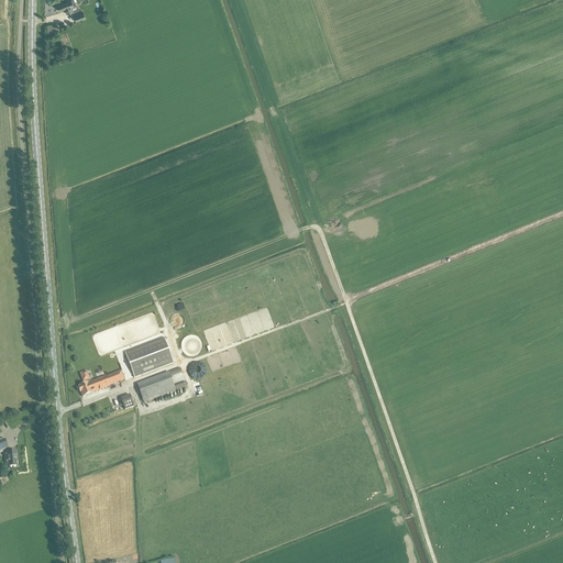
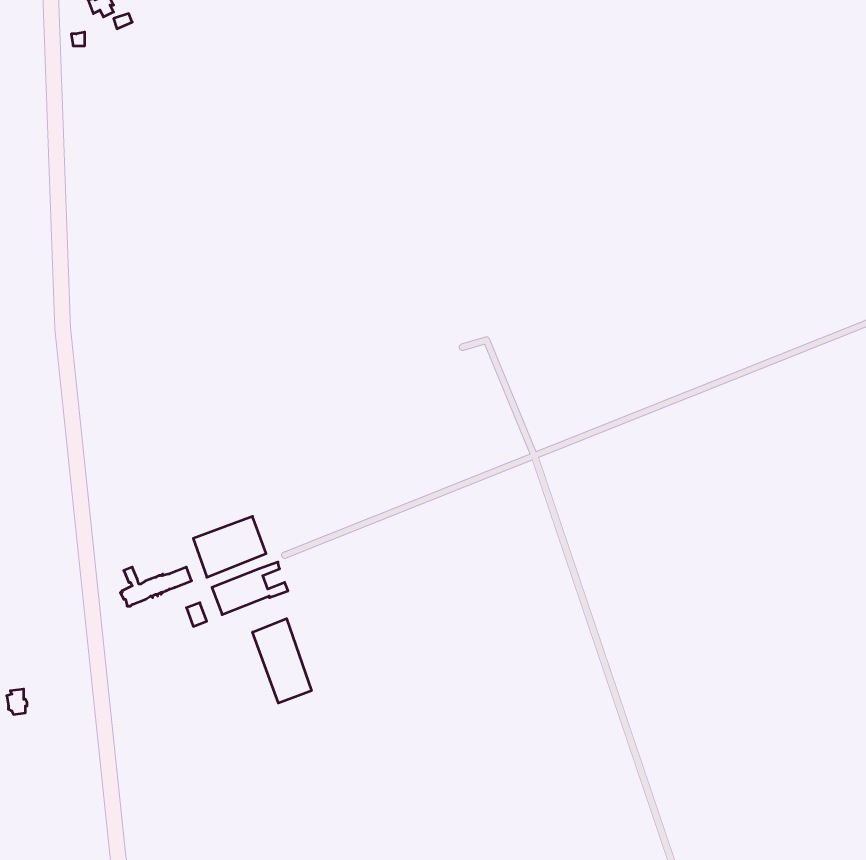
building: none -> [253,619,311,703]

